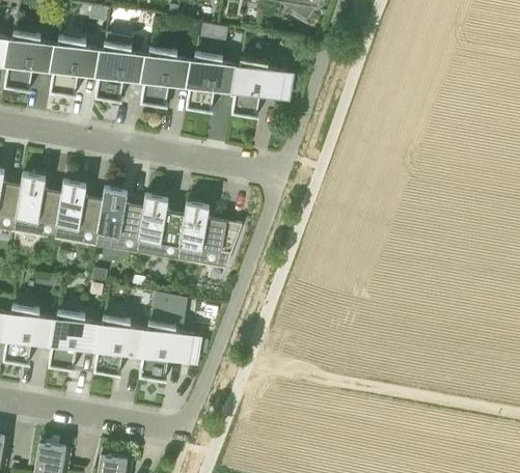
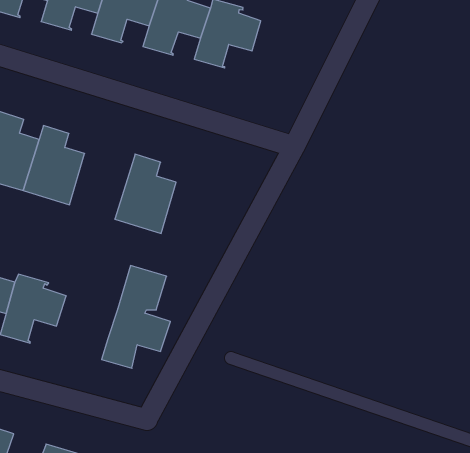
building: [231,56,285,115] -> none
building: [94,186,143,251] -> none
building: [176,200,242,267] -> none
building: [93,314,147,372] -> none

